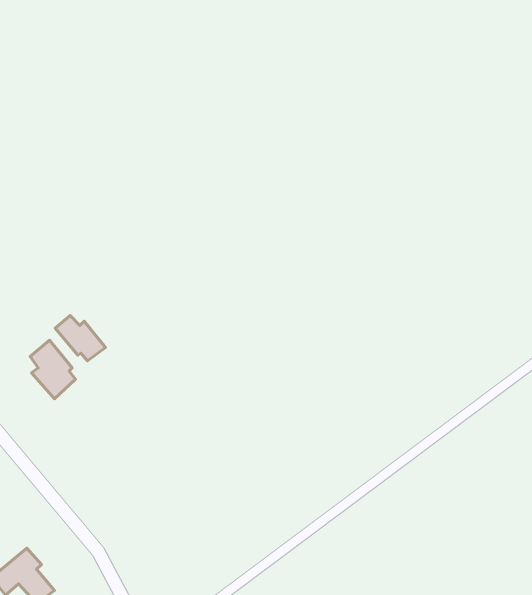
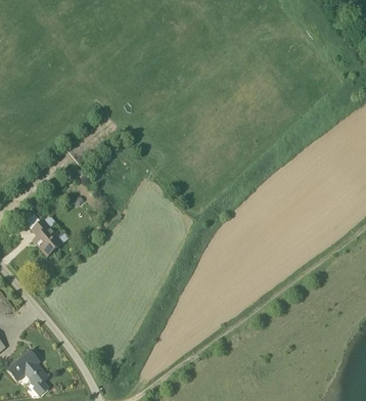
building: [55,315,106,361] -> none

